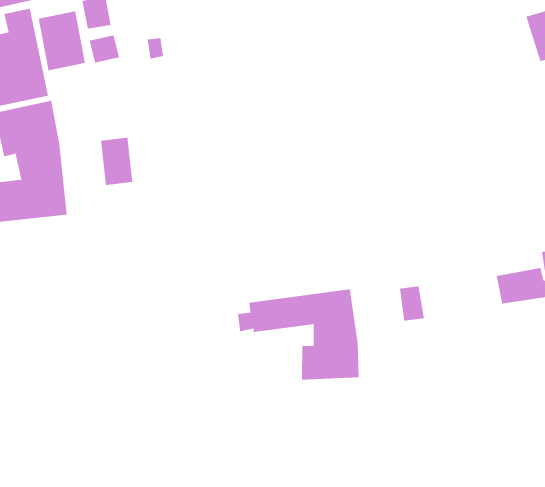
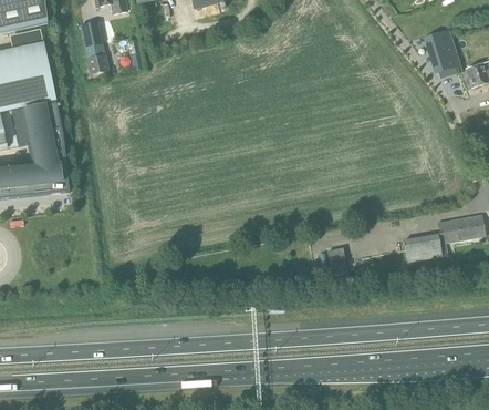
building: [38,11,86,71] -> none
building: [100,137,133,186] -> none
building: [238,289,359,380] -> none

